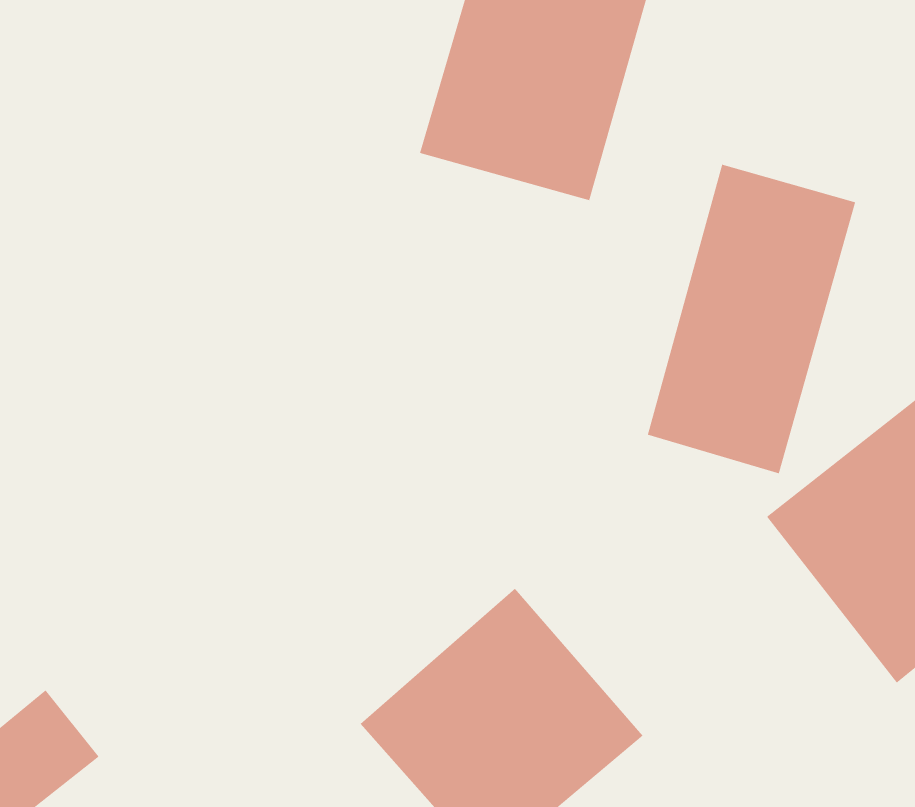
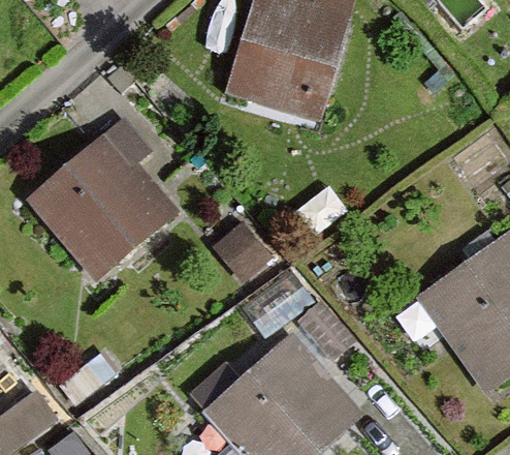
building: [647,164,856,474] -> none
building: none -> [21,126,176,280]

